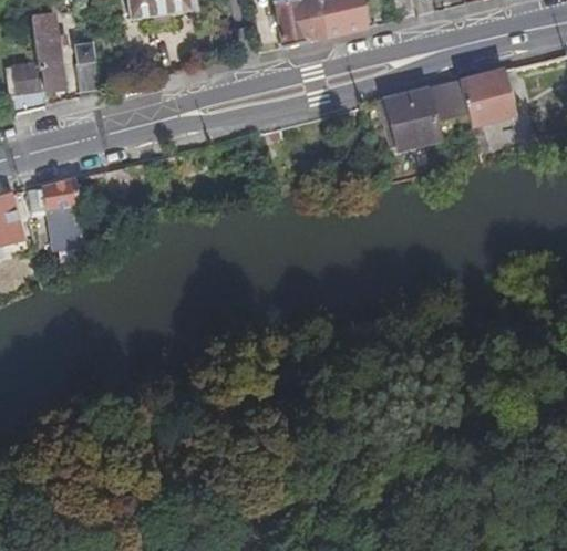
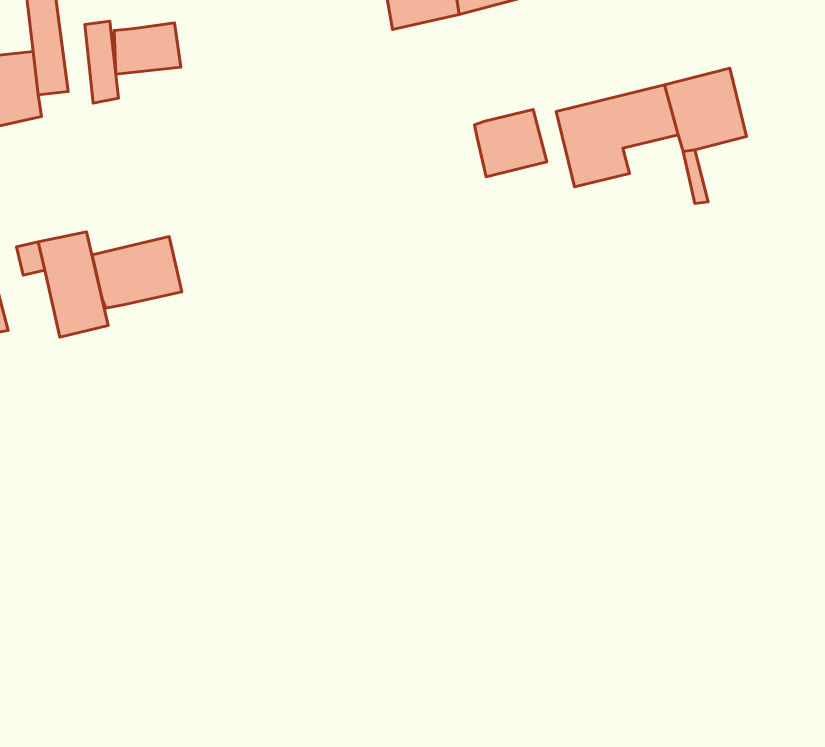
building: none -> [114,23,181,74]
building: none -> [475,109,547,177]
building: none -> [92,237,182,308]

